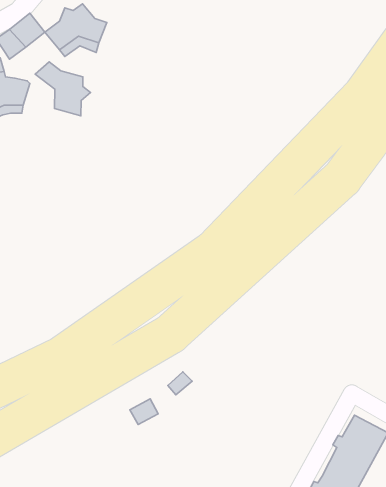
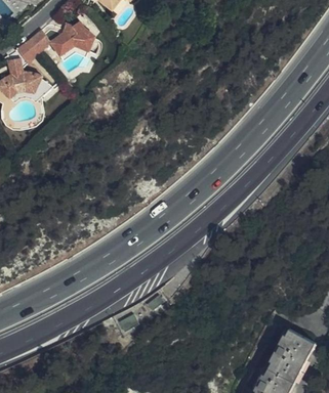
building: [35,62,91,116] -> none

